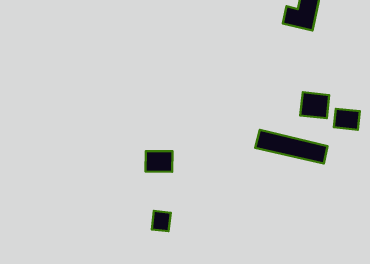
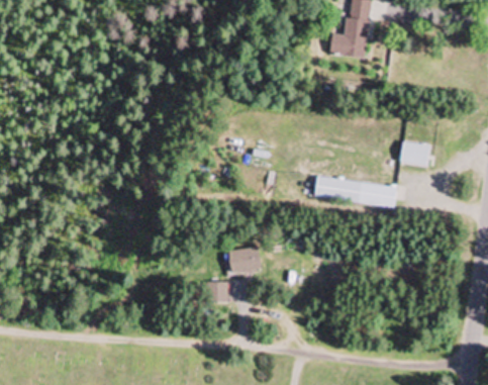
building: [300,92,329,118] -> none
building: [145,151,172,172] -> [228,246,261,272]

